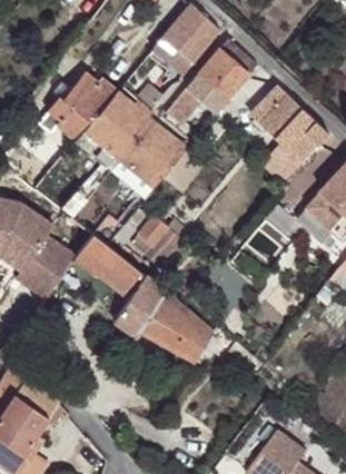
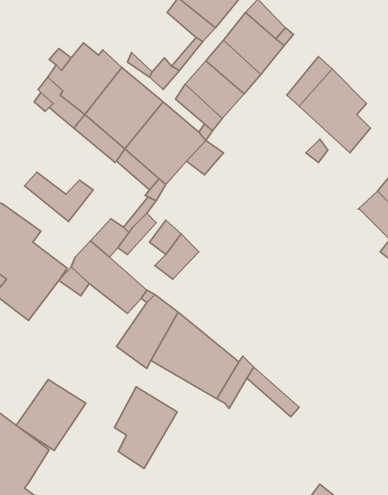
building: none -> [16,379,86,450]
building: none -> [115,387,177,468]

